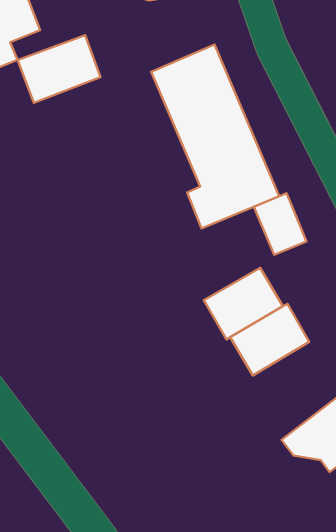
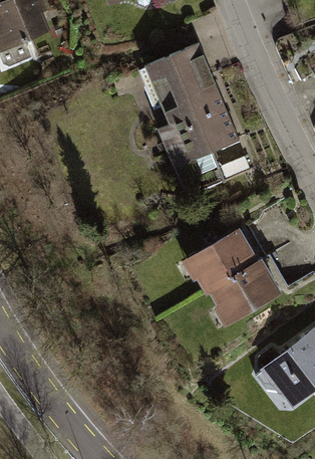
building: [17,35,100,103] -> none
building: [254,193,306,255] -> none

